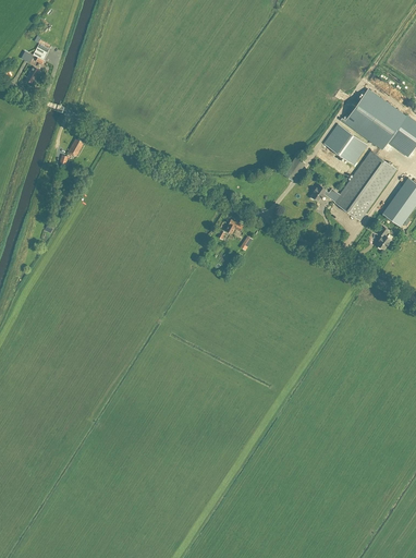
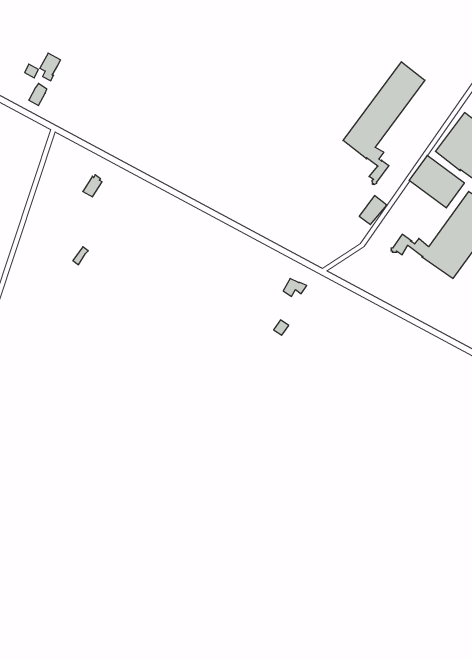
building: none -> [343,62,425,185]

